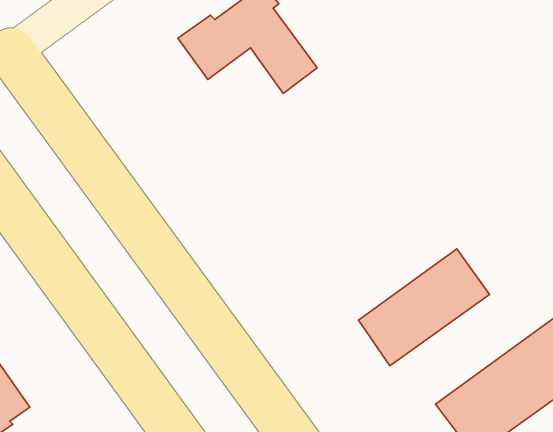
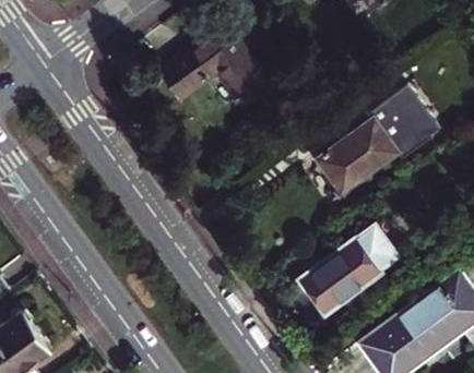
building: none -> [316,87,439,196]

